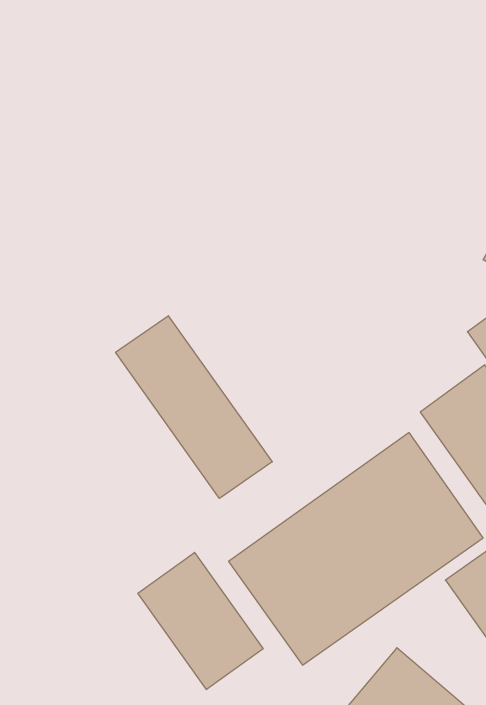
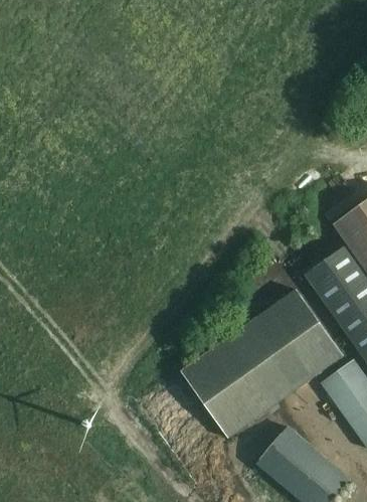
building: [116,316,272,498] -> none
building: [138,552,263,690] -> none

